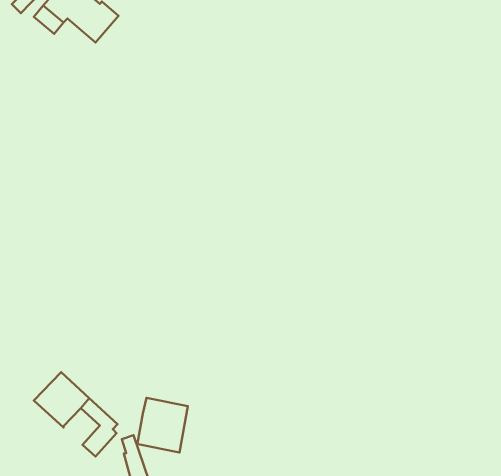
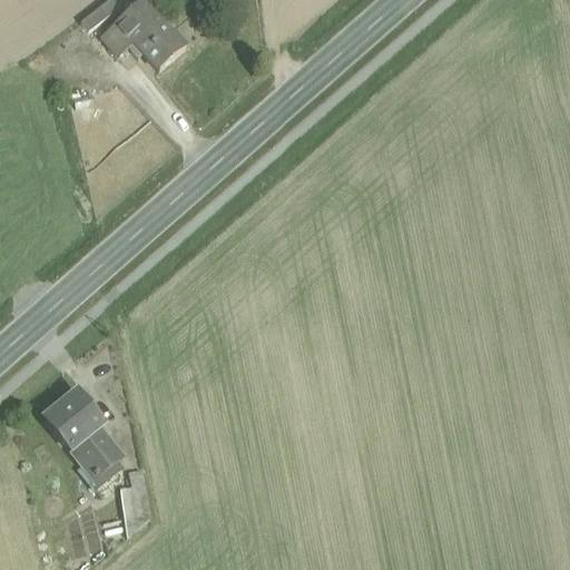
building: [136,398,188,452] -> none
building: none -> [70,431,107,468]

